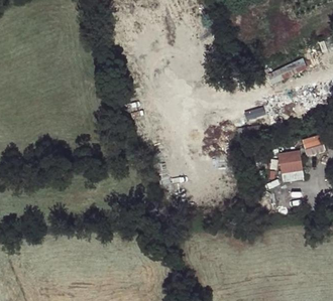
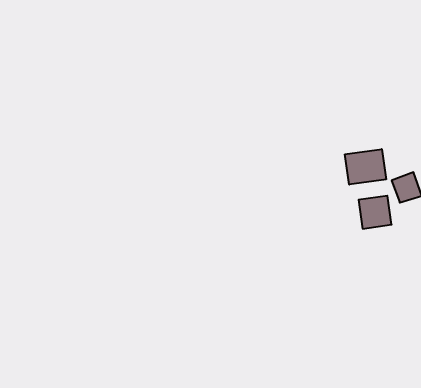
building: none -> [345,149,386,185]

